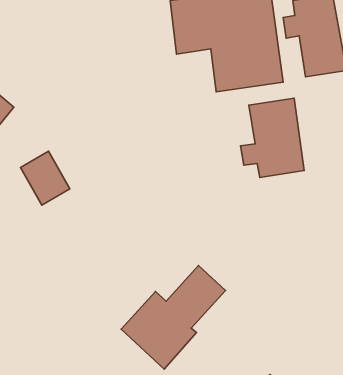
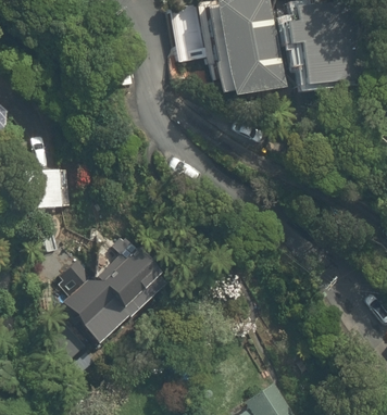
building: [241,98,304,177] -> none
building: [121,266,226,369] -> [54,246,160,350]

